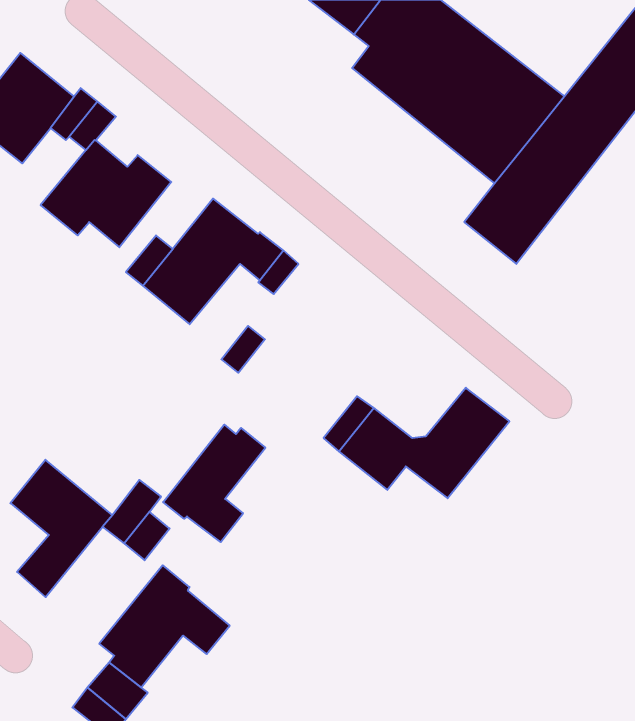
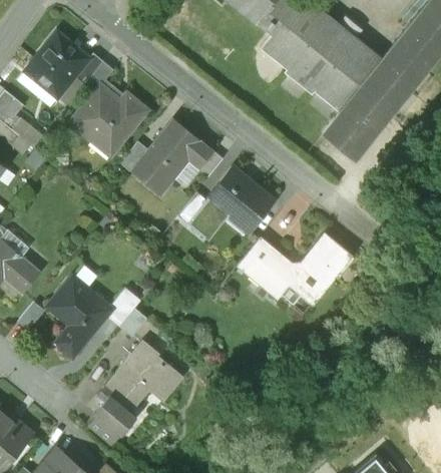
building: none -> [206,168,275,228]
building: [163,425,265,542] -> none

